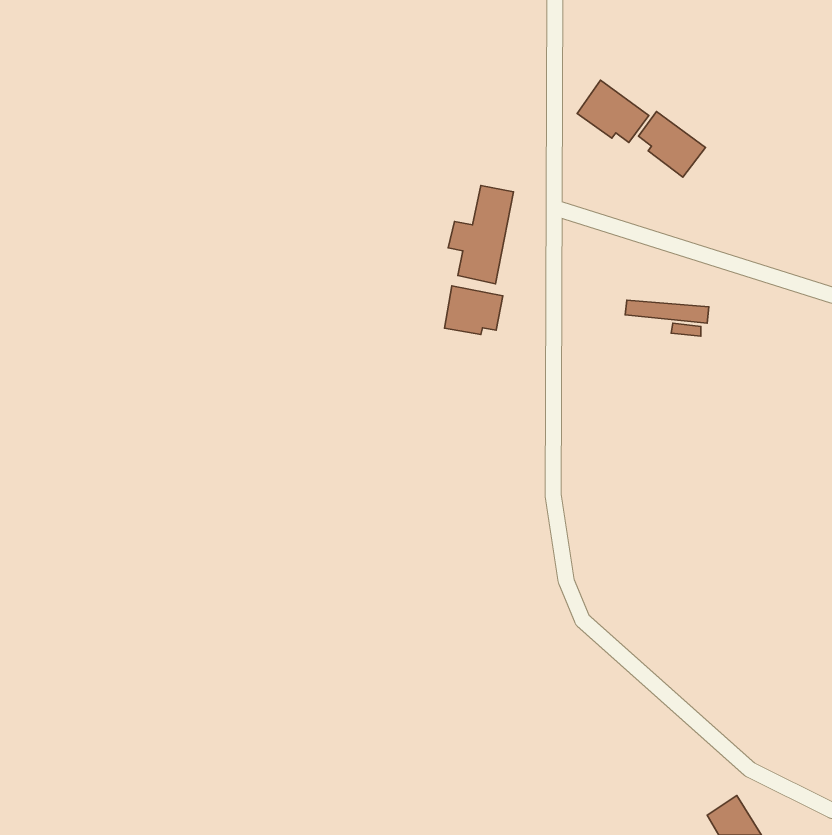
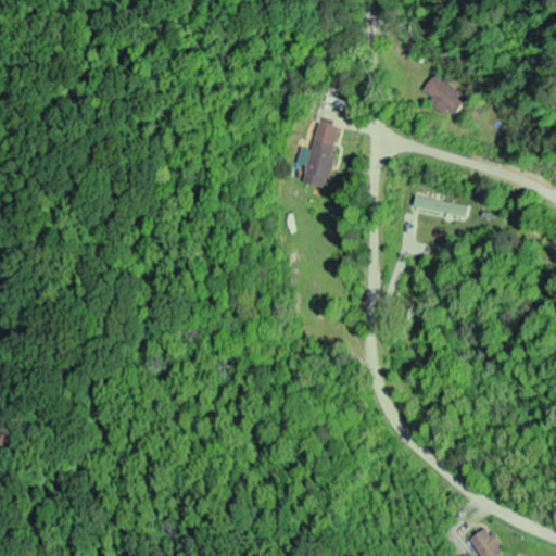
building: [577,80,649,142] -> none
building: [444,286,503,334] -> none

